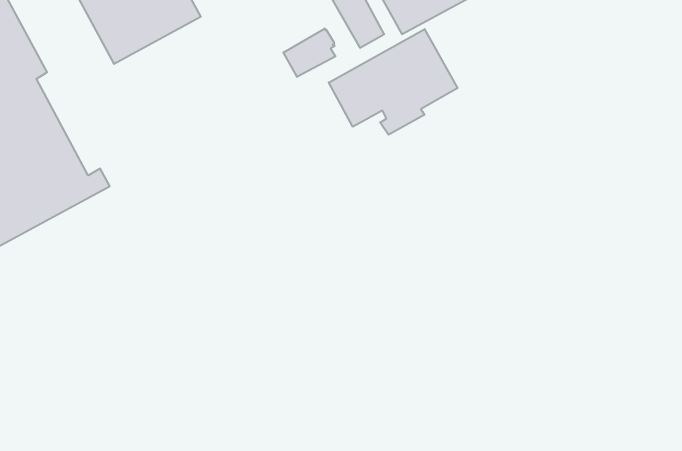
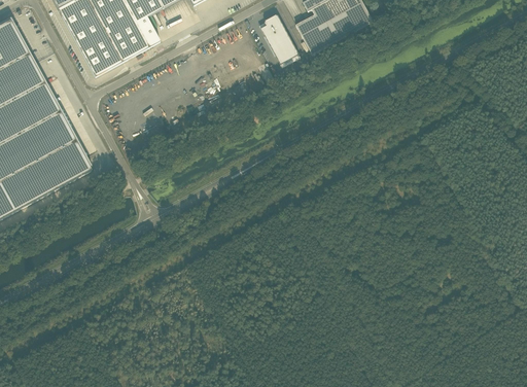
building: [283,28,335,77] -> none
building: [329,29,458,135] -> none

